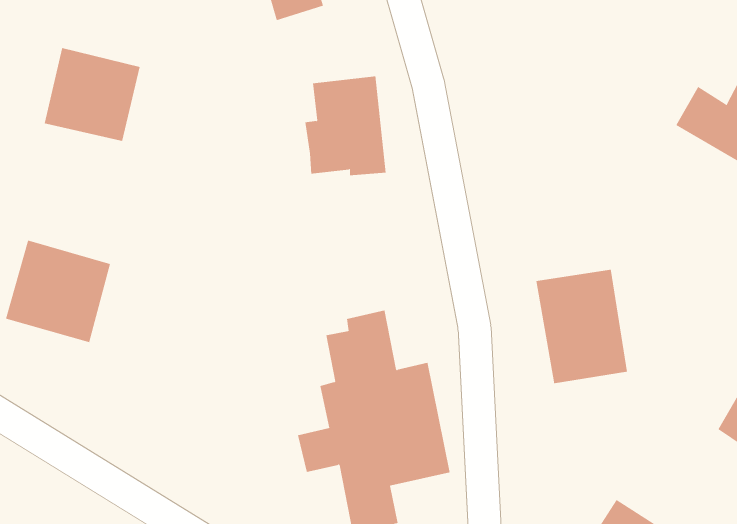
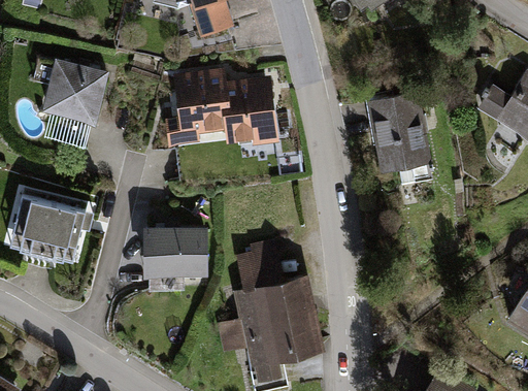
building: none -> [166,68,231,146]
building: [535,269,628,384] -> [369,92,433,171]
building: none -> [142,226,209,291]

